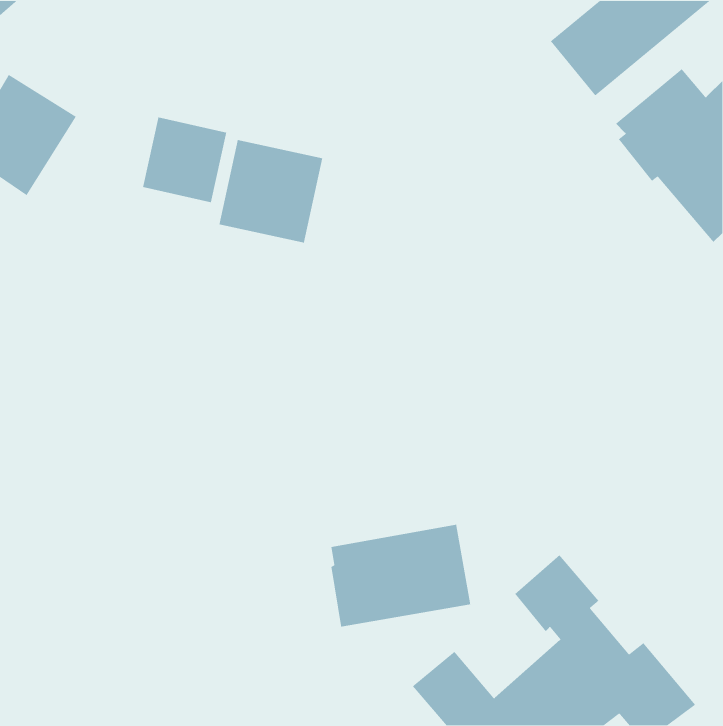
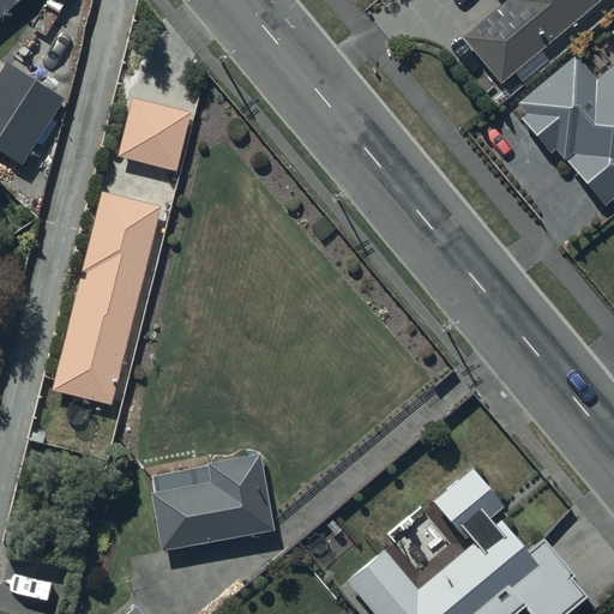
building: [218,139,323,244] -> none
building: none -> [54,193,164,405]
building: [331,524,471,627] -> [154,459,272,547]

